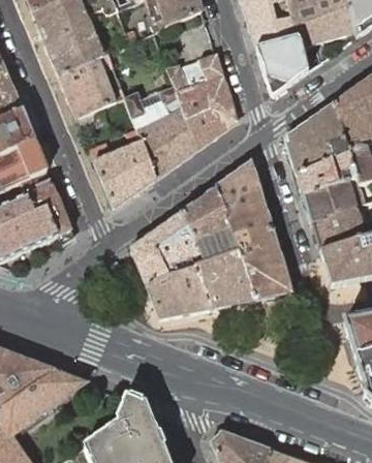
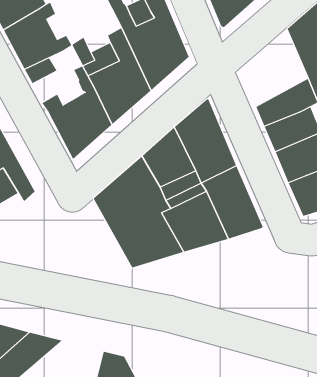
building: [284,101,349,174] -> none

